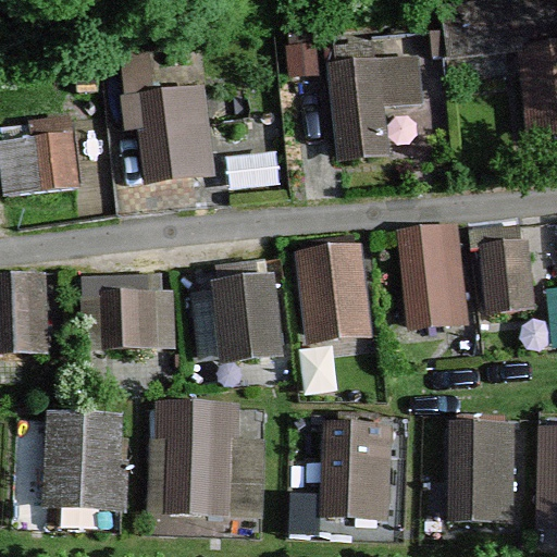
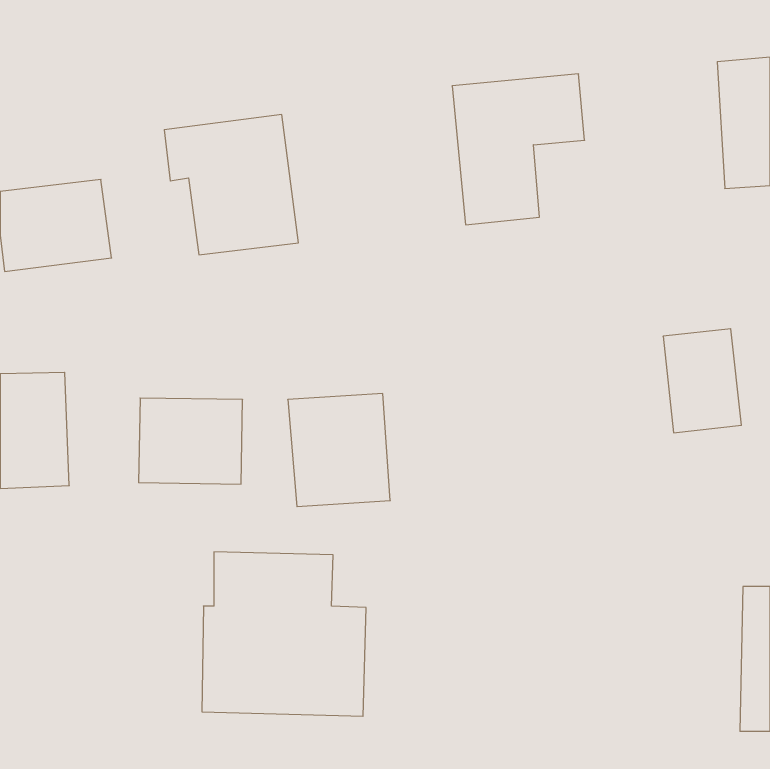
building: [396,223,468,330] -> none
building: [294,242,373,344] -> none
building: [42,407,127,509] -> none
building: [317,420,394,520] -> none
building: [449,420,517,521] -> none

